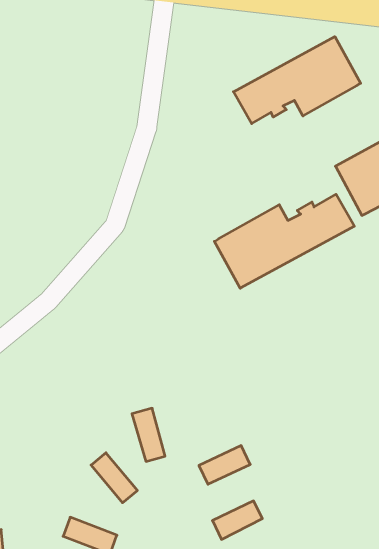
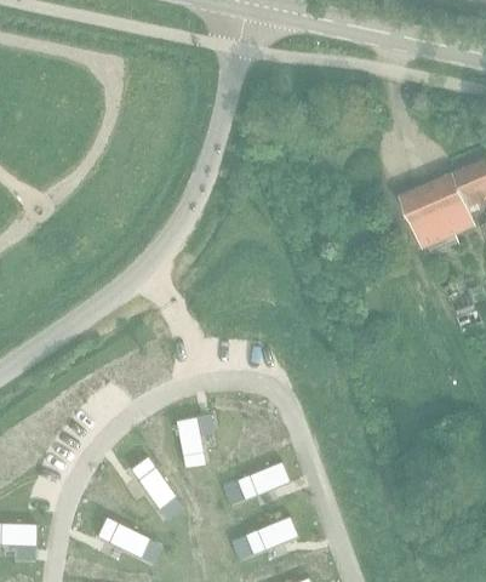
building: [233,37,361,124] -> none
building: [214,194,354,288] -> none

